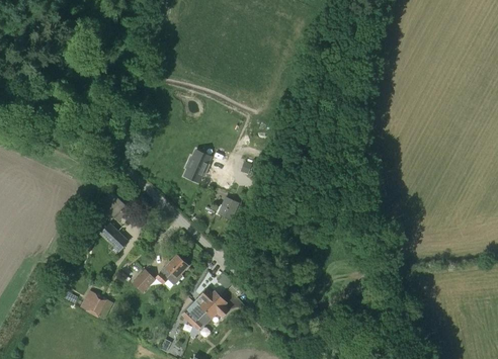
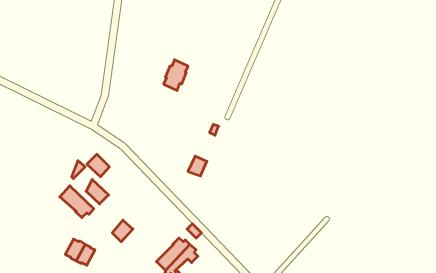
building: [184,149,212,183] -> [164,60,188,90]
building: none -> [60,186,94,218]
building: [156,256,187,285] -> none

